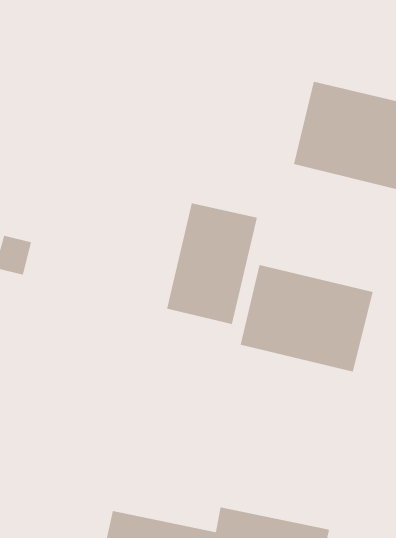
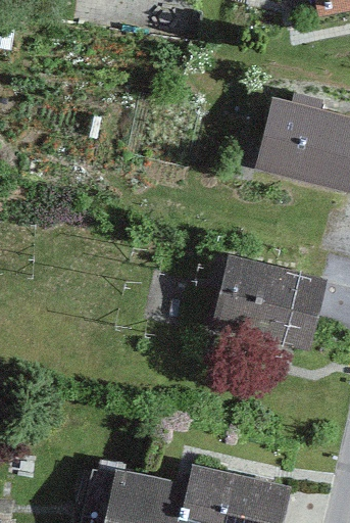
building: [167,202,258,325] -> none

